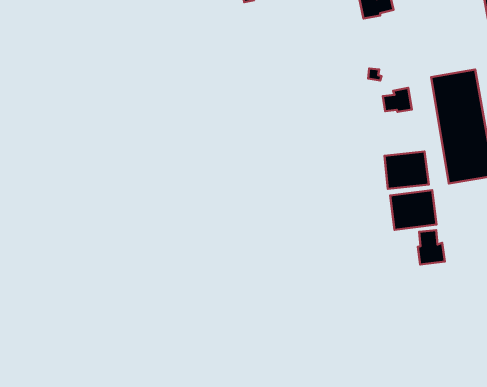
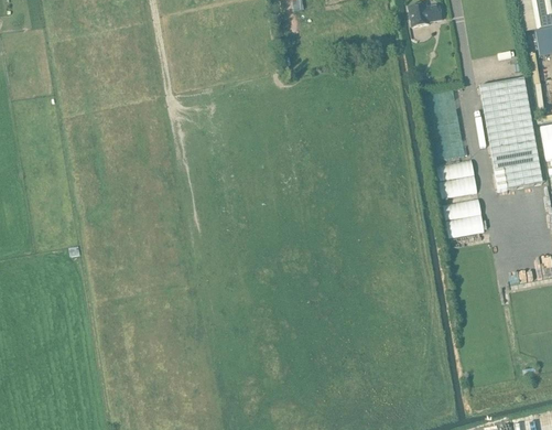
building: [383,88,412,112] -> none
building: [418,230,445,264] -> none

